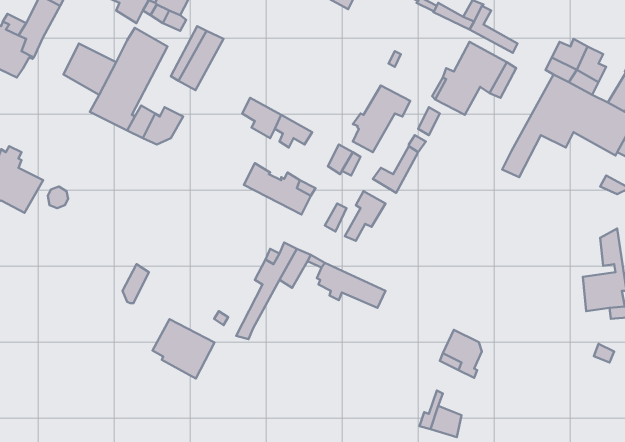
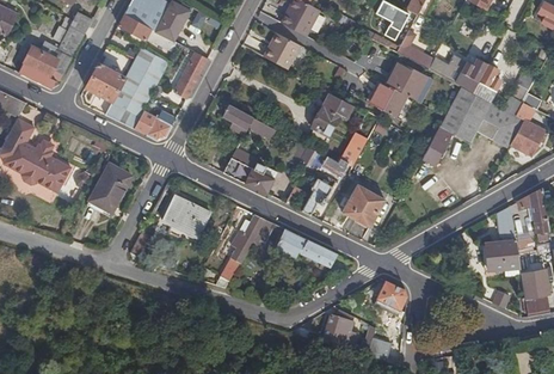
building: none -> [263,33,300,68]
building: none -> [87,163,131,213]
building: none -> [343,184,386,226]
building: [152,319,215,378] -> [162,196,210,241]
building: none -> [324,308,357,347]

